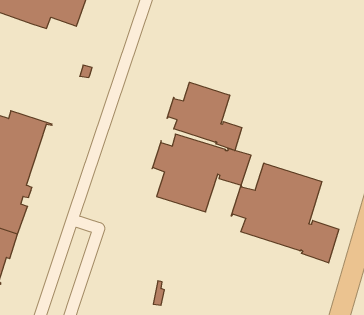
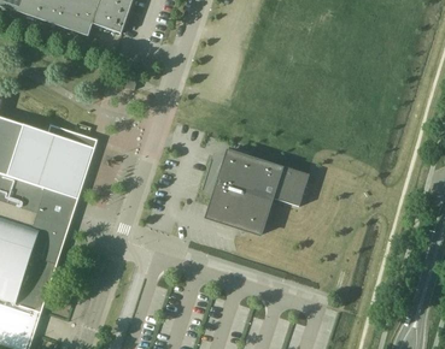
building: [167,82,242,151] -> none
building: [231,163,339,263] -> none

